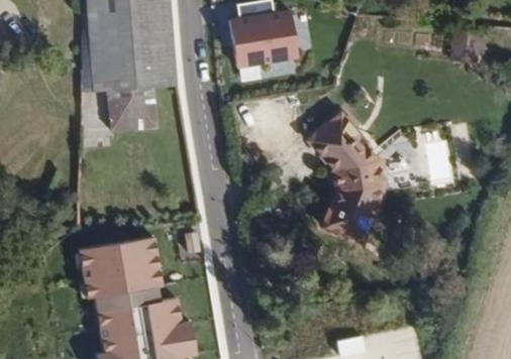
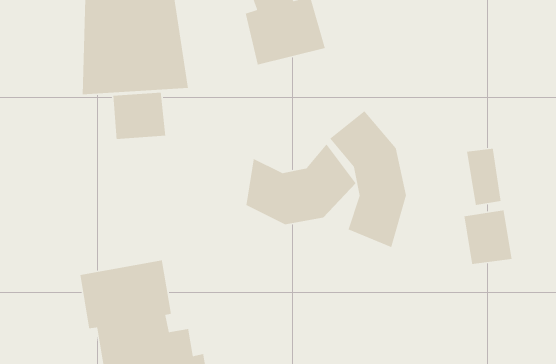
building: none -> [246,143,356,225]
building: none -> [463,210,513,265]

